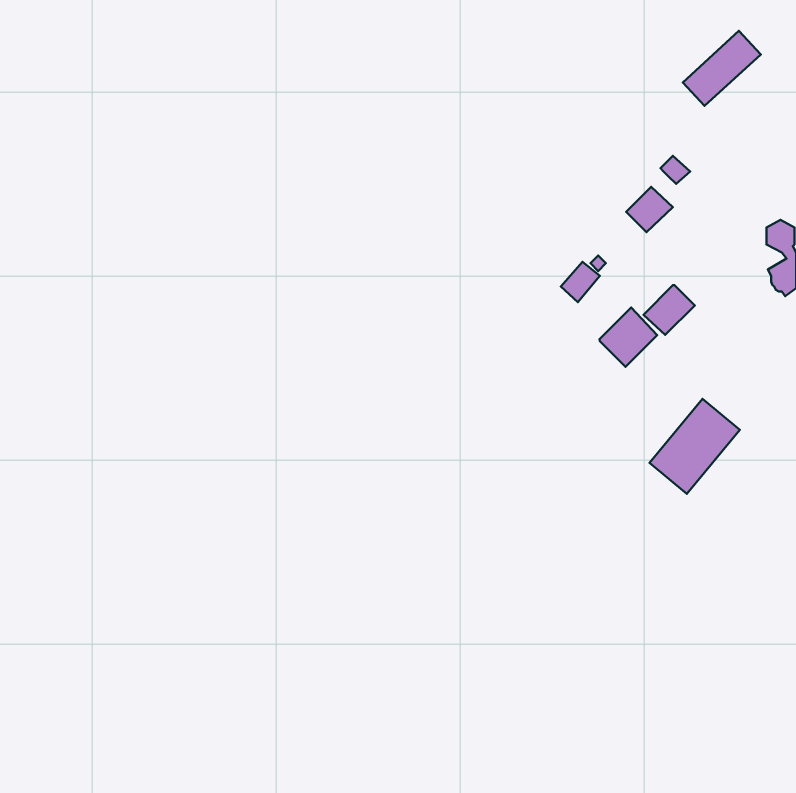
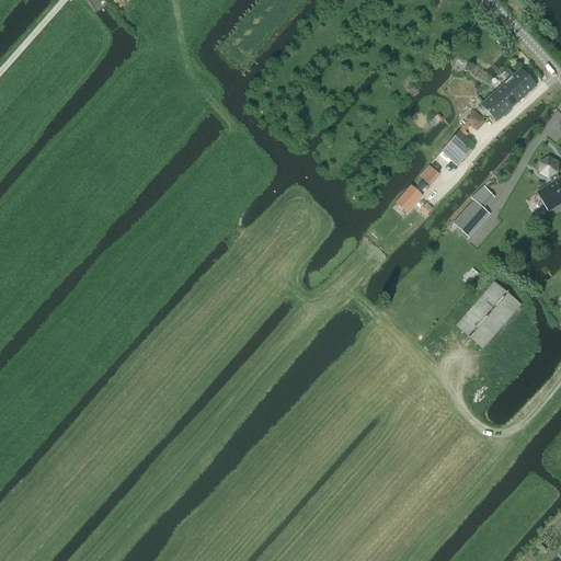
building: [683,31,761,106] -> [481,68,536,121]
building: [600,308,657,367] -> none

